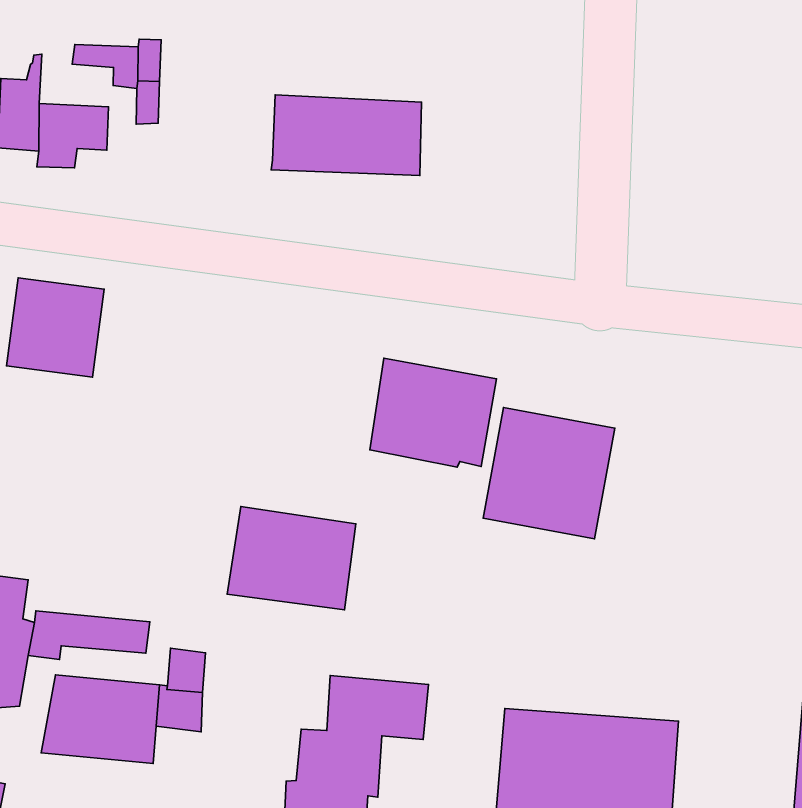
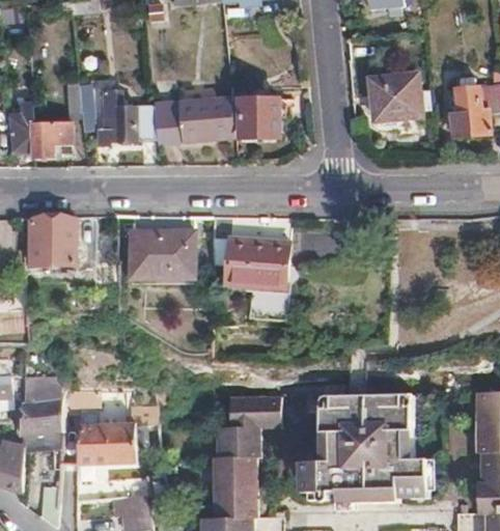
building: none -> [99,89,158,144]
building: none -> [371,73,422,118]
building: none -> [241,95,279,135]
building: [483,408,615,539] -> none
building: [227,507,356,610] -> [132,229,194,276]

